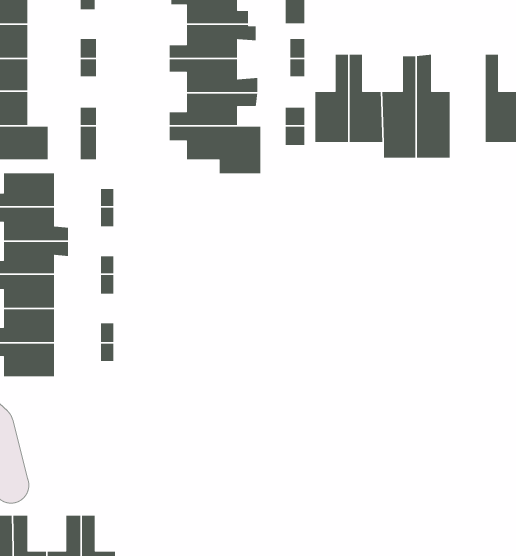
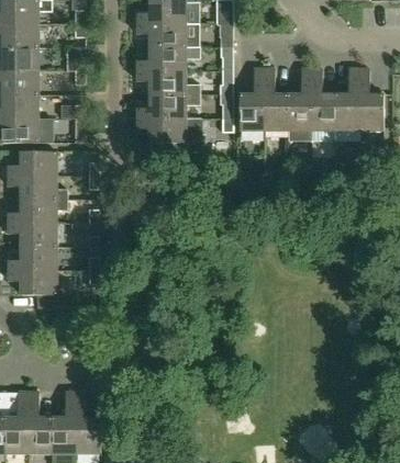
building: none -> [335,67,359,140]

